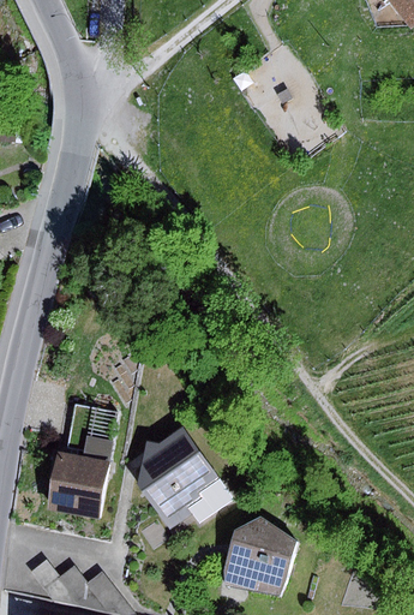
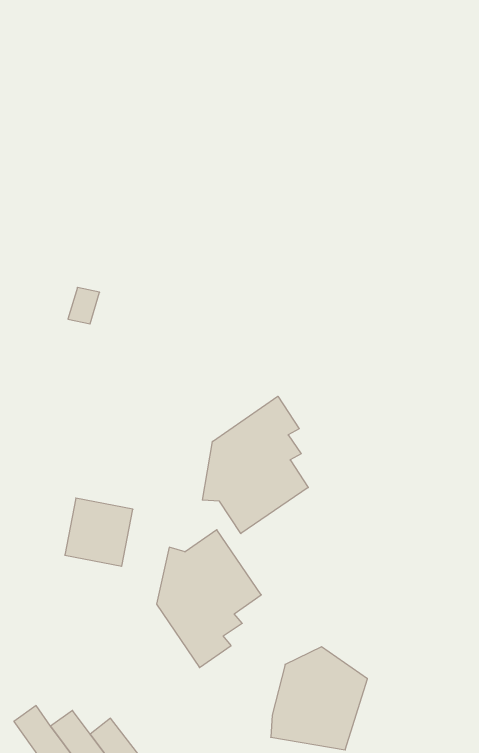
building: none -> [202,396,308,534]
building: [47,450,108,519] -> none

